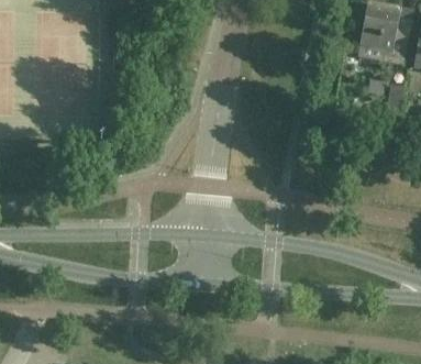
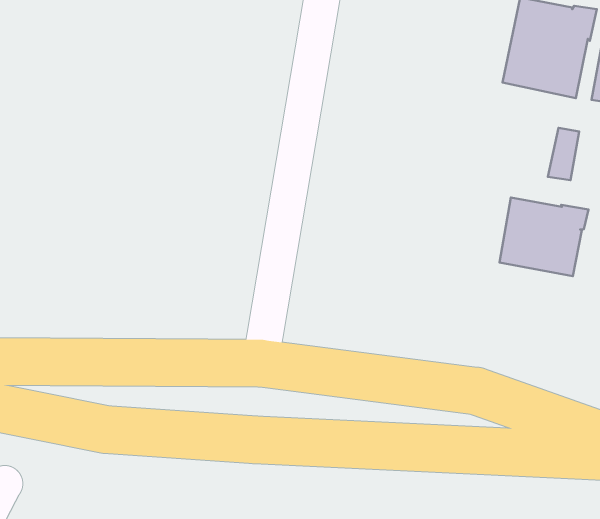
building: none -> [499,197,588,276]

